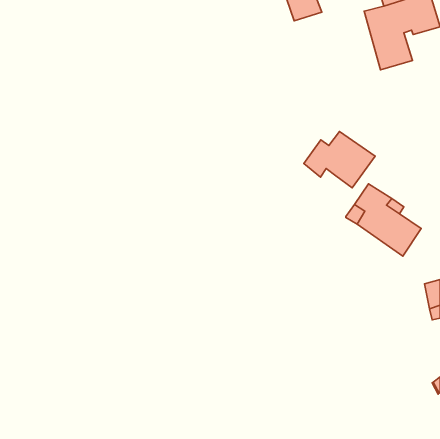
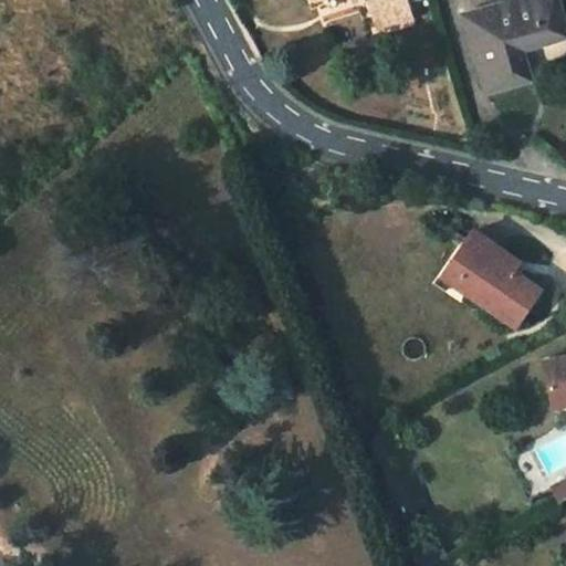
building: [304,131,375,188] -> none

